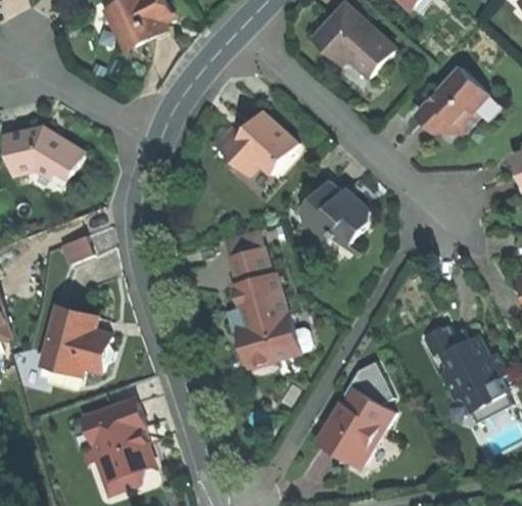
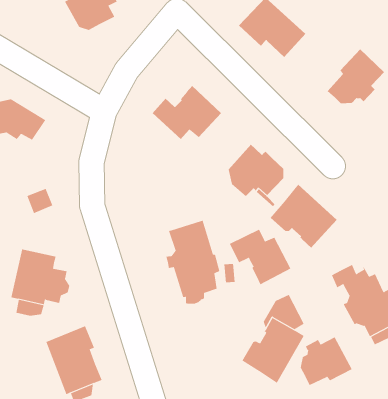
building: none -> [270,184,337,249]
building: [220,228,269,283] -> none
building: none -> [229,229,291,285]
building: none -> [300,336,352,386]

